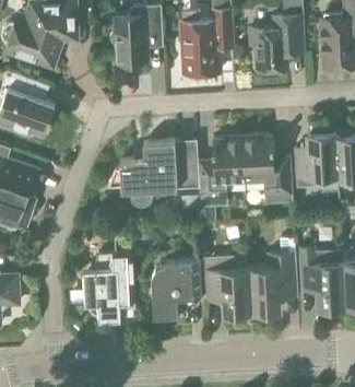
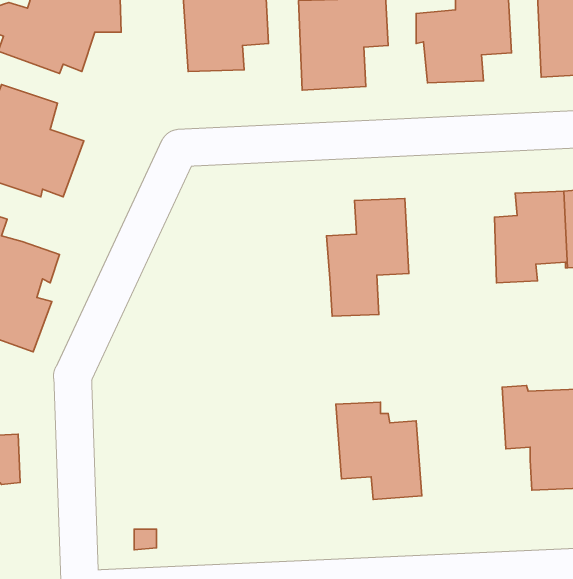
building: [242,137,292,204] -> none
building: [107,141,199,203] -> none
building: [249,238,297,313] -> none
building: [83,253,134,320] -> none
building: [151,261,200,318] -> none

